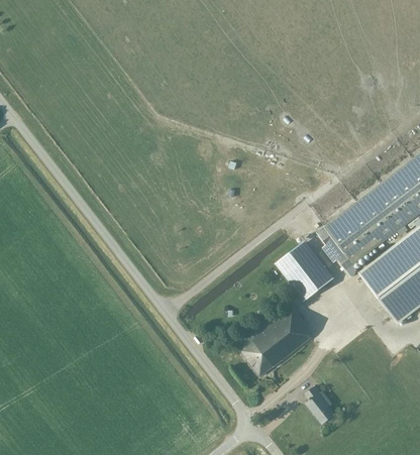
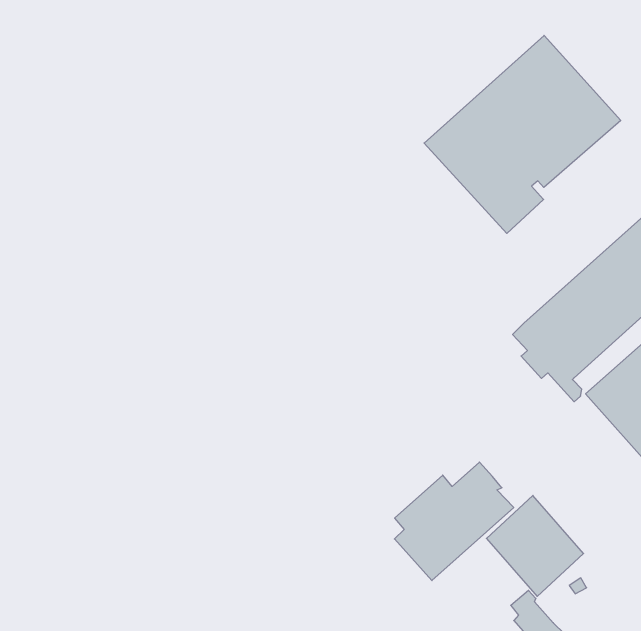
building: none -> [424,35,621,233]
building: [278,238,334,298] -> [486,495,584,596]

